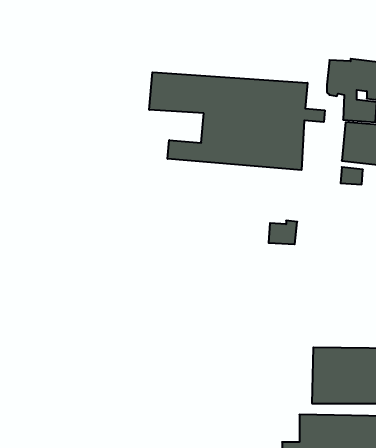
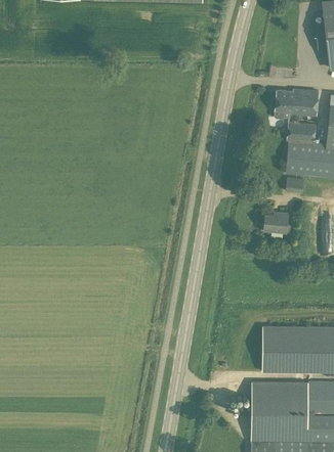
building: [149,72,325,170] -> none
building: [269,221,297,244] -> [264,213,288,232]

